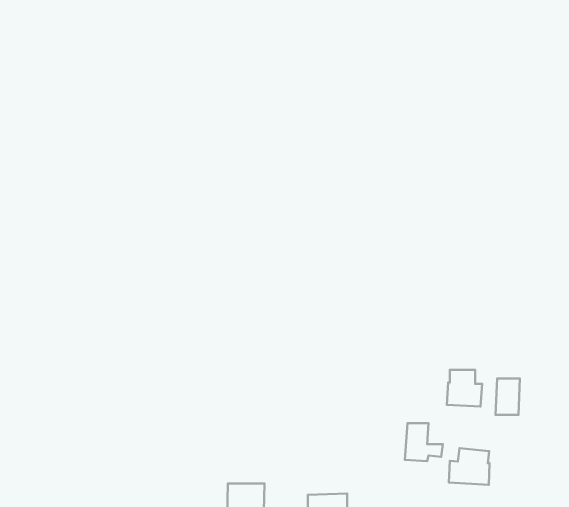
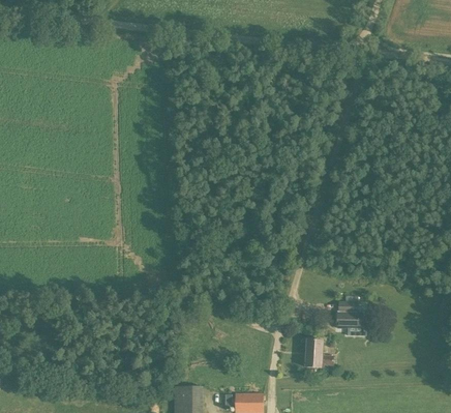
building: [495,378,520,415] -> none
building: [449,448,490,485] -> none

